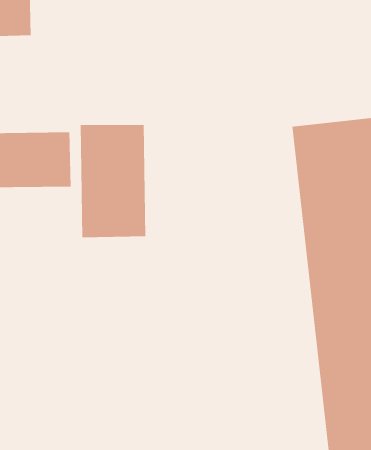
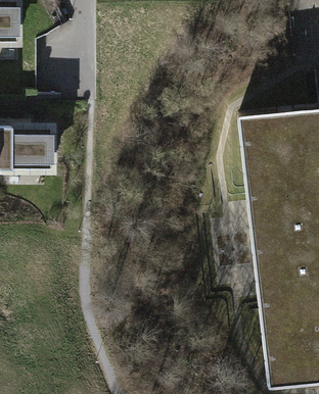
building: [80,124,146,238] -> none

